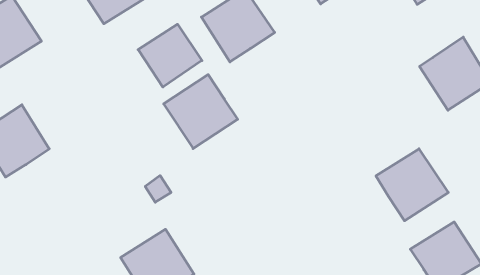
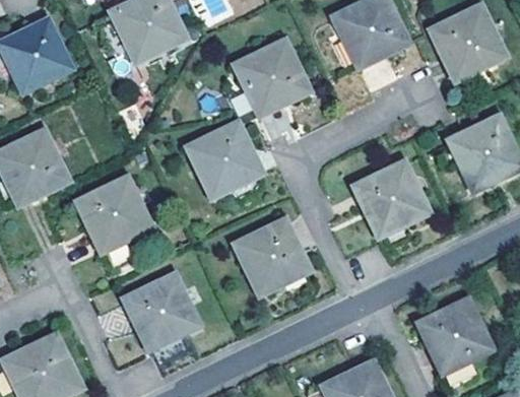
building: [138,24,202,87] -> none
building: none -> [77,178,148,266]
building: [376,149,448,221] -> [354,163,426,235]
building: none -> [234,219,307,291]

